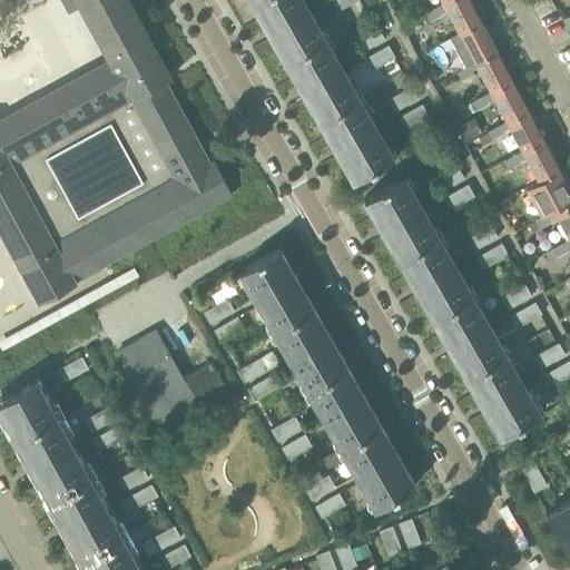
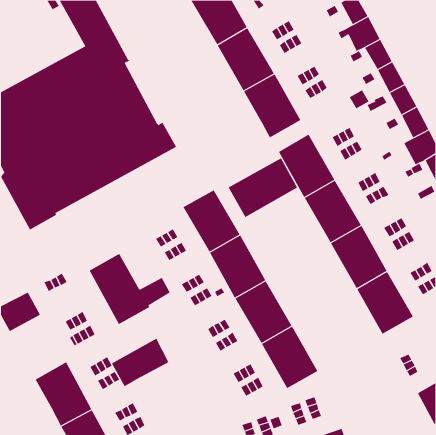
building: none -> [228,157,298,218]
building: [12,412,87,497] -> none
building: none -> [111,338,169,387]

